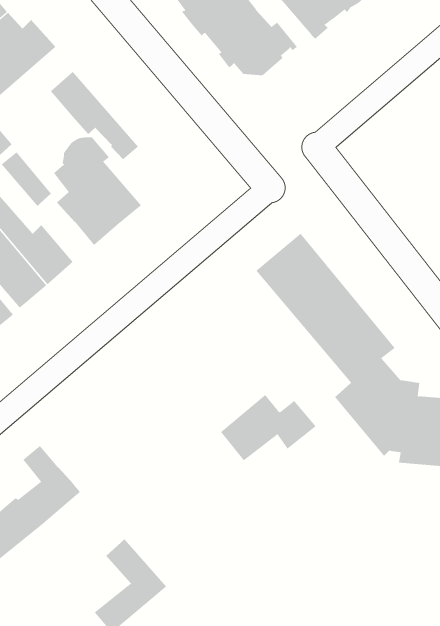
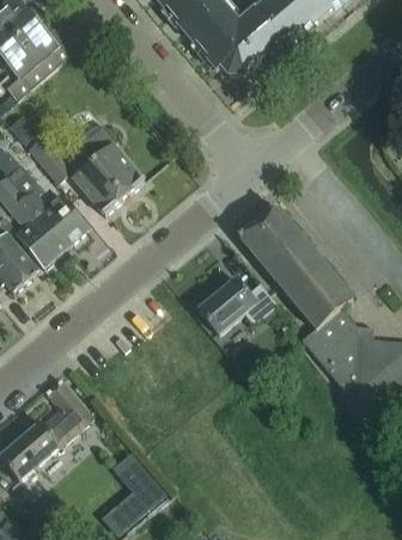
building: [50,71,139,160] -> none
building: [220,394,316,461] -> [199,278,278,333]

